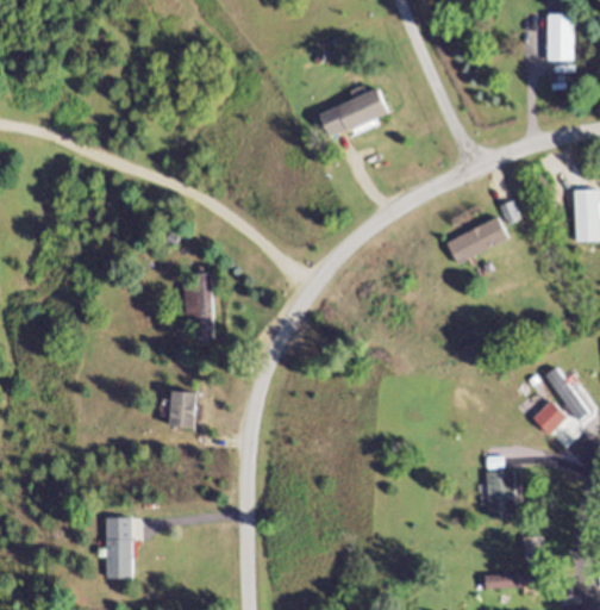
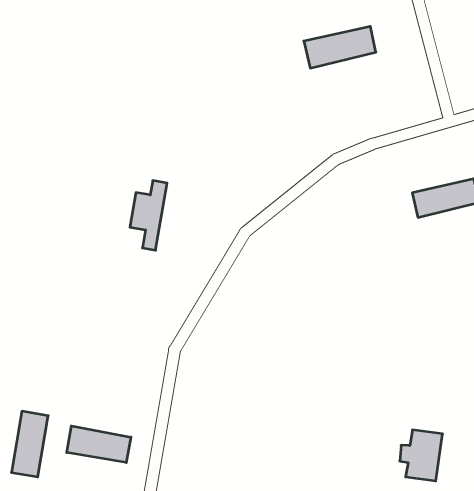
building: [170,391,194,427] -> none
building: none -> [67,426,131,463]

